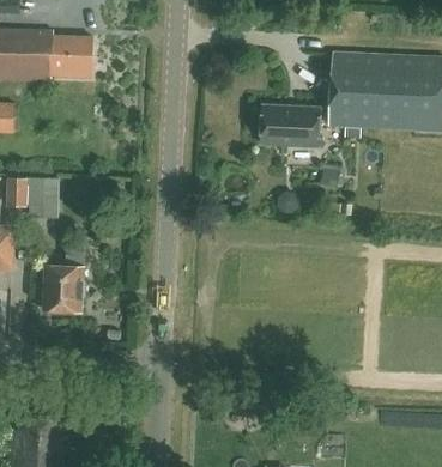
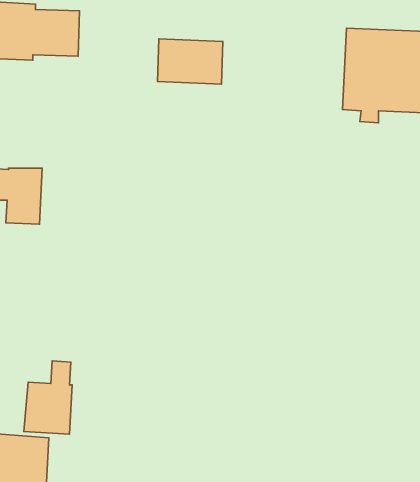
building: [260,105,319,146] -> [157,39,223,84]
building: [41,245,84,311] -> [24,361,72,434]

